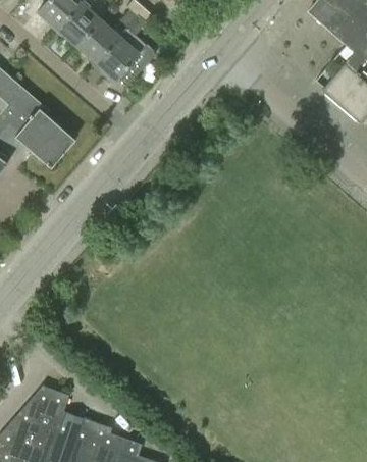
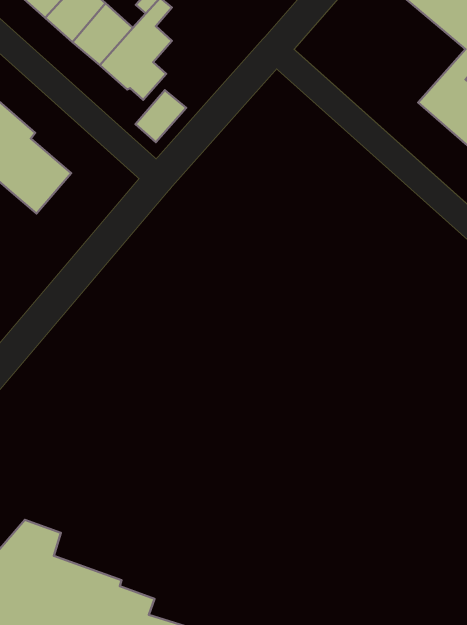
building: none -> [136,90,186,142]

